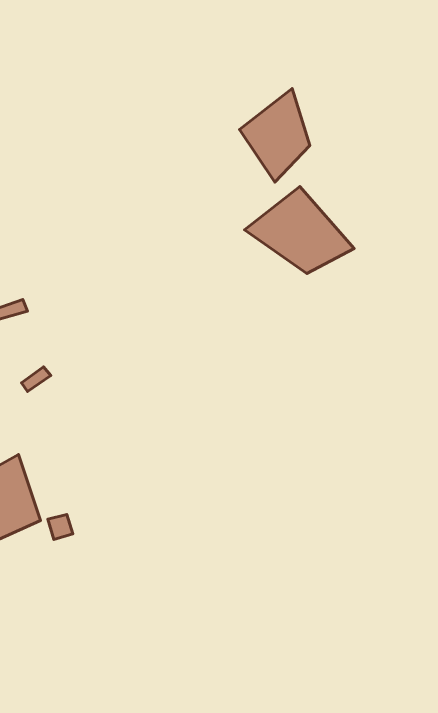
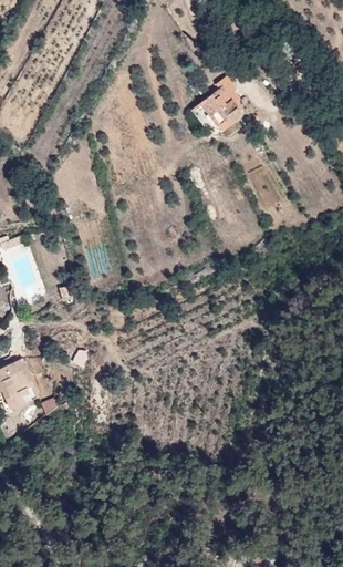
building: [245,187,354,273] -> none

